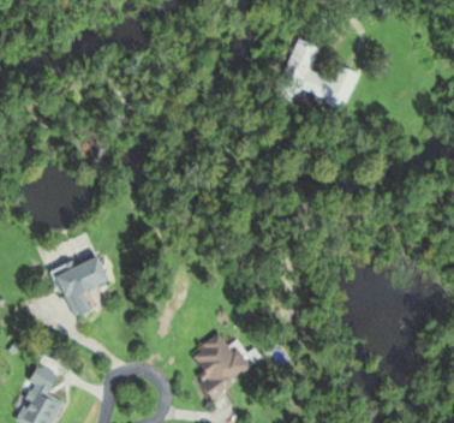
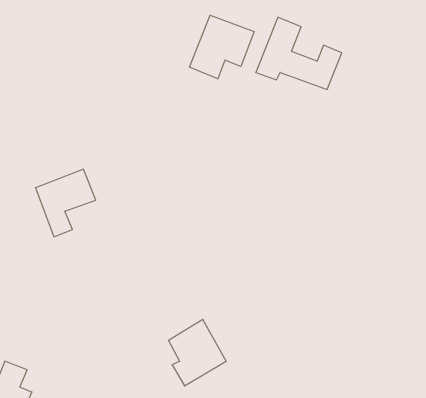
building: none -> [189,15,254,79]
building: [53,252,112,318] -> [35,169,96,237]

